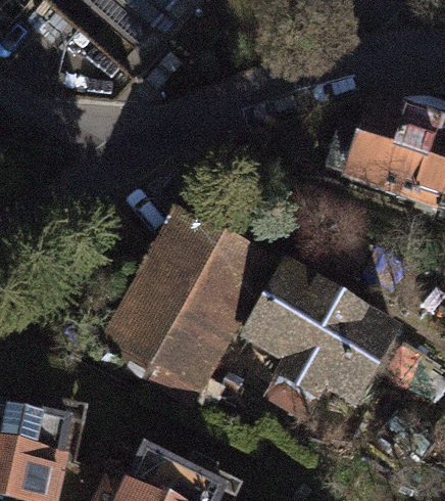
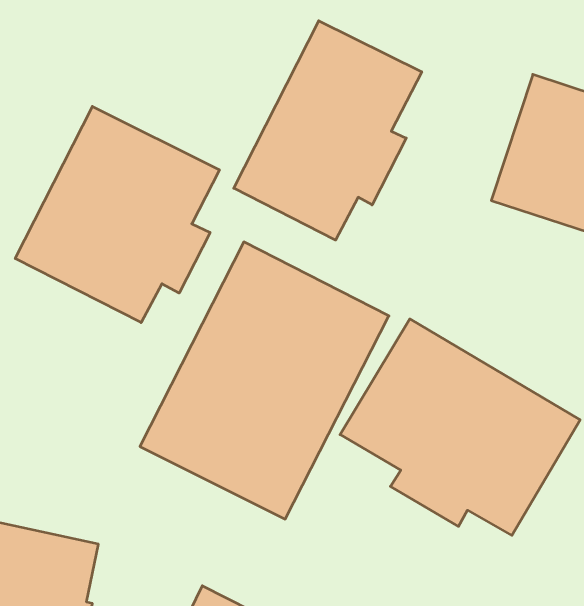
building: none -> [234,21,422,240]
building: none -> [15,106,219,323]

